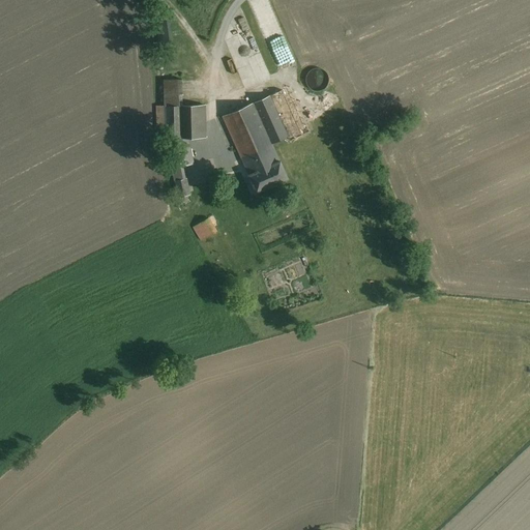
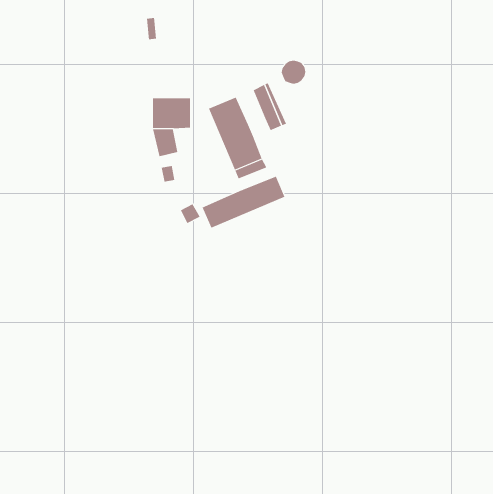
building: [161,79,179,105] -> none
building: [253,96,283,134] -> none
building: none -> [202,176,285,228]

